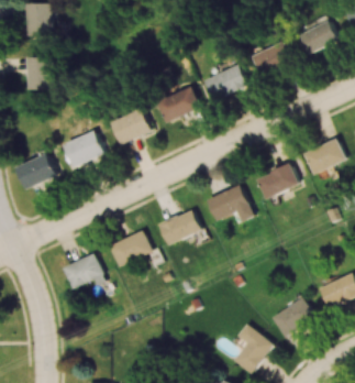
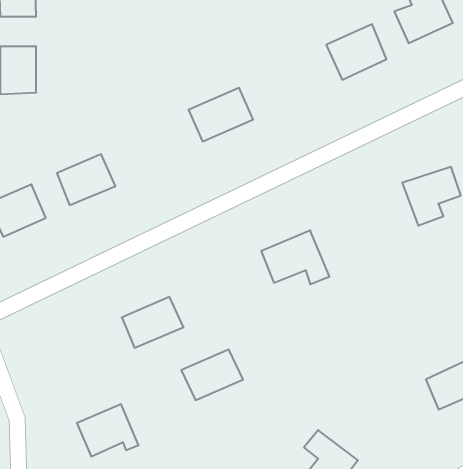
building: [204,64,248,101] -> none
building: [111,108,153,145] -> none
building: [256,164,299,199] -> none
building: [159,210,202,245] -> [181,349,243,400]
building: [63,253,106,289] -> [77,404,139,456]
building: [271,297,314,337] -> none

